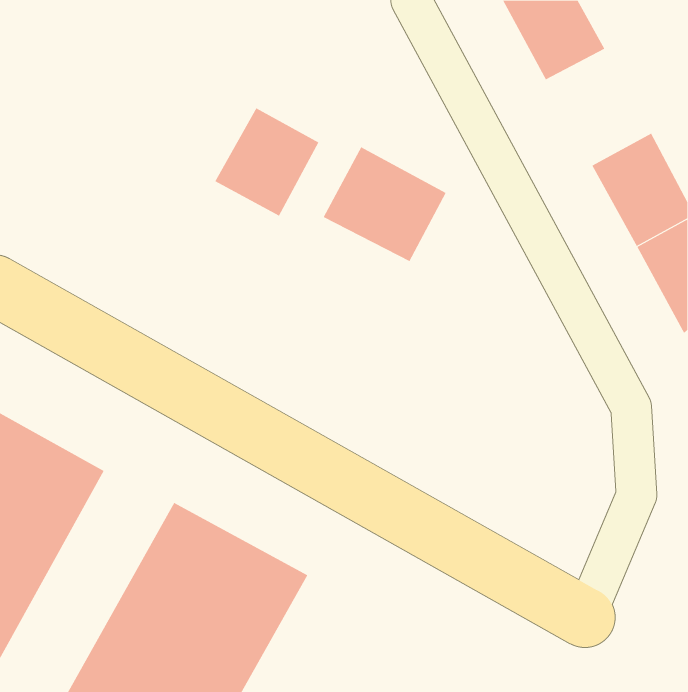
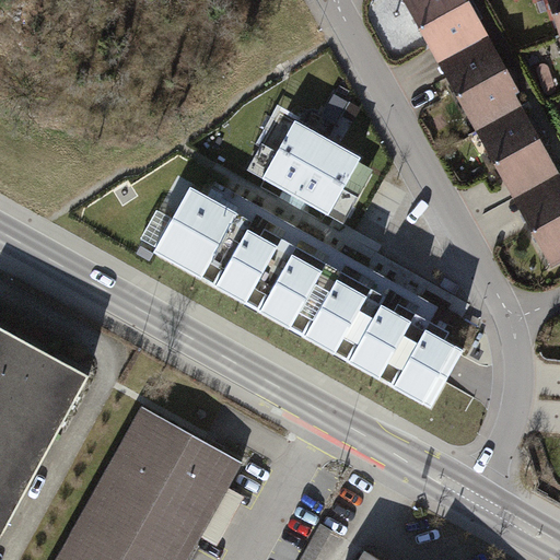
building: none -> [440,40,525,135]
building: [215,108,319,216] -> none
building: none -> [153,188,464,409]

